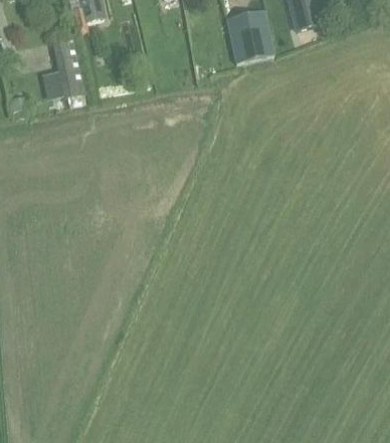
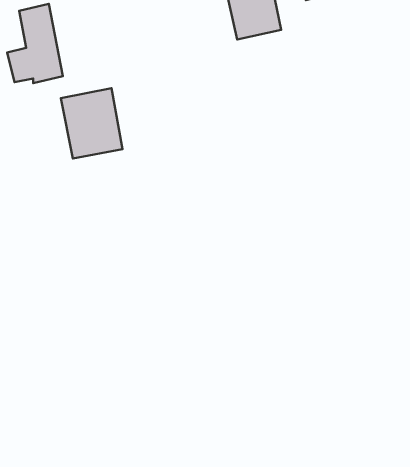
building: none -> [61,88,123,158]

